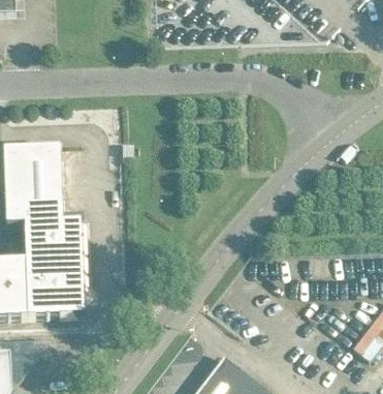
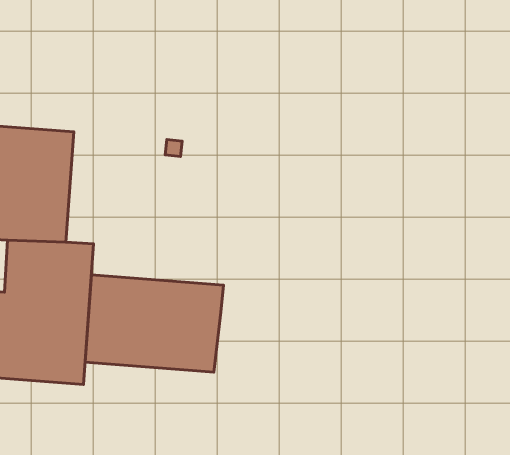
building: none -> [85,275,224,372]

